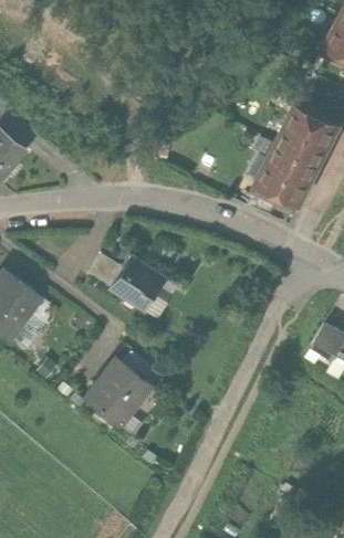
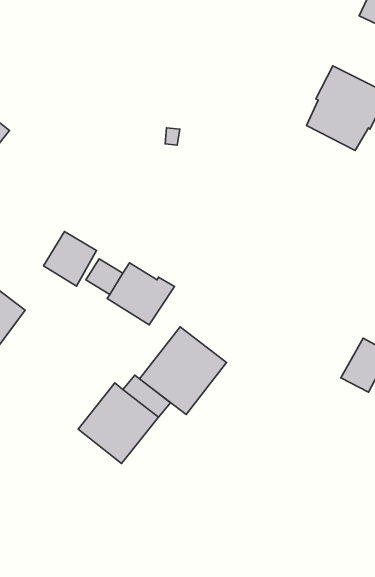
building: [248,145,317,217] -> none
building: none -> [44,232,96,286]
building: none -> [140,327,227,415]

